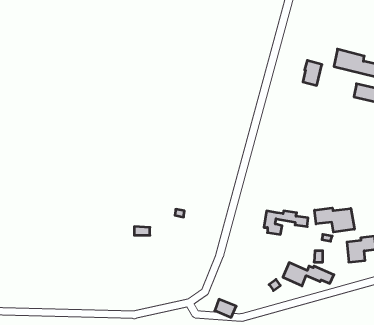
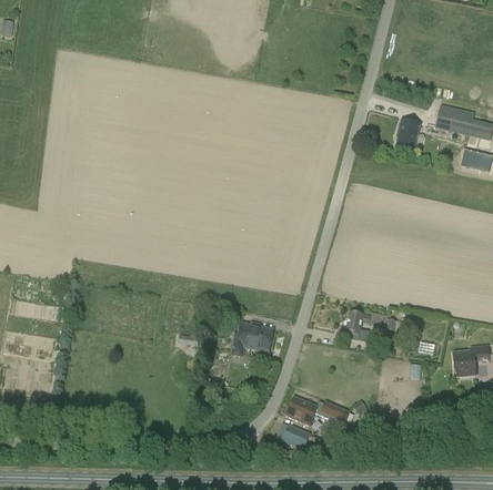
building: [315,208,354,232] -> none
building: none -> [230,323,272,356]
building: [283,263,334,286] -> [285,396,351,426]

